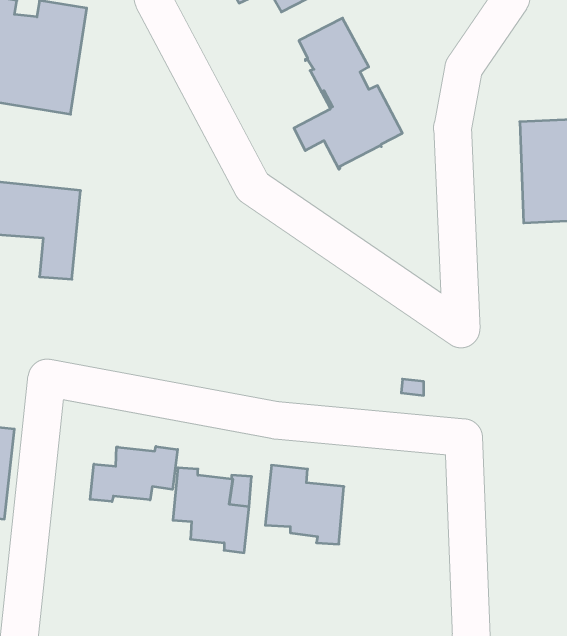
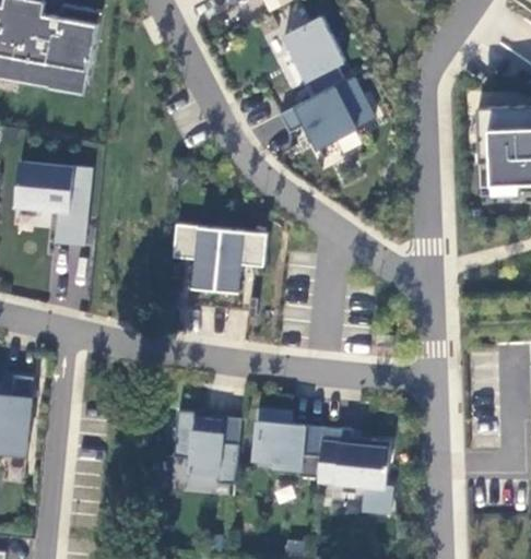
building: none -> [173,225,267,293]
building: [90,446,178,502] -> none
building: none -> [317,427,391,512]

